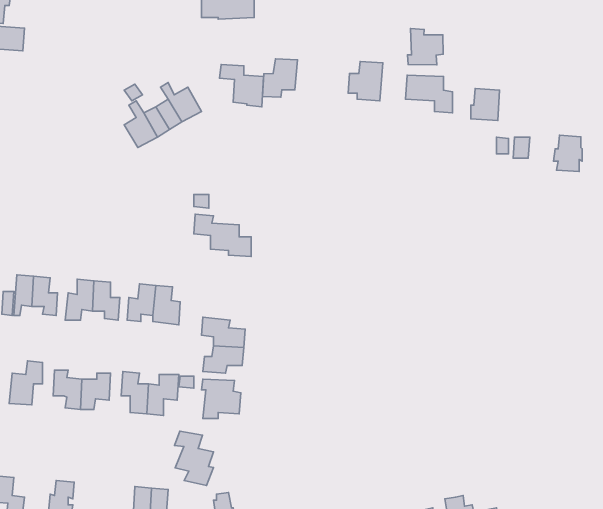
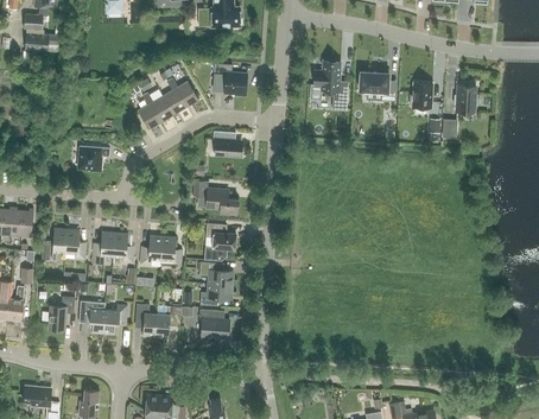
building: [408,29,443,65] -> none
building: [262,59,298,97] -> none
building: [553,135,582,172] -> [454,84,476,113]
building: none -> [213,131,240,157]
building: none -> [77,145,109,171]
building: none -> [203,223,235,261]
building: [175,431,213,486] -> none

